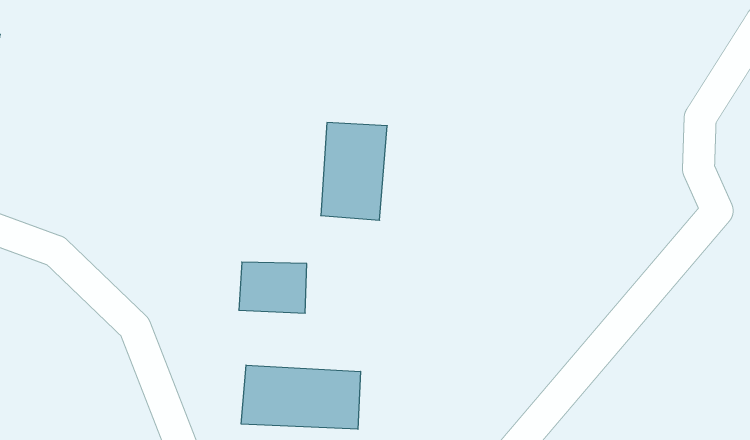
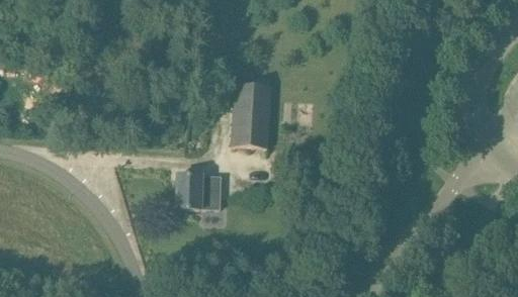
building: [241,365,361,429] -> none

